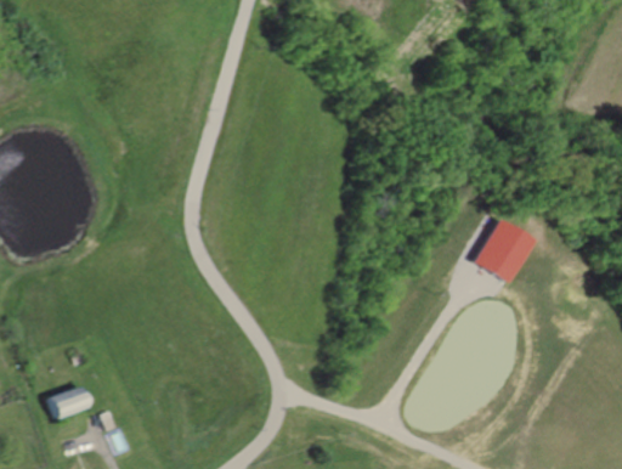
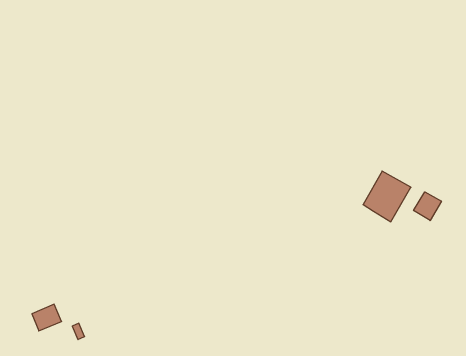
building: none -> [414,192,441,221]

